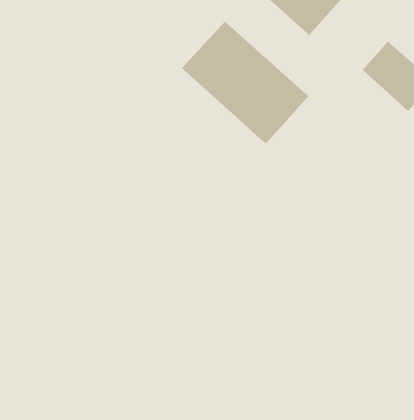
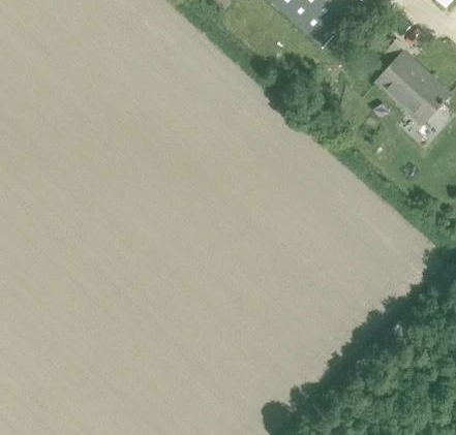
building: [181,21,309,144] -> none

